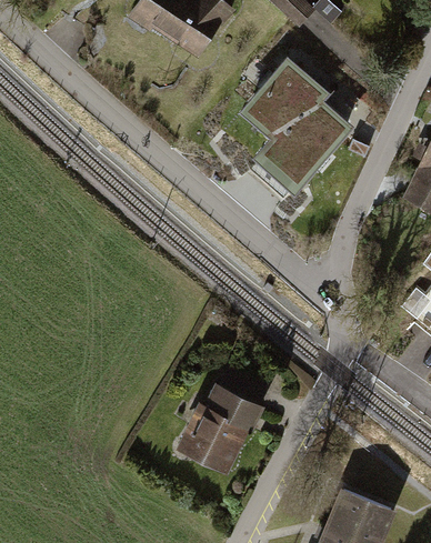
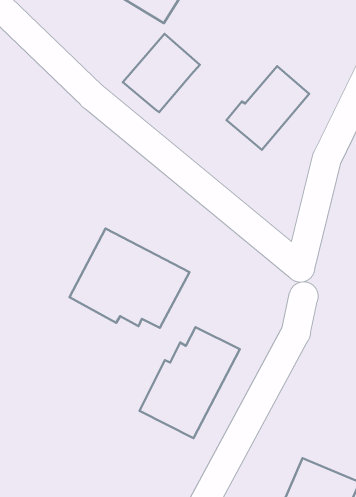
building: [244,61,322,140] -> [123,34,200,112]
building: none -> [69,229,189,328]

